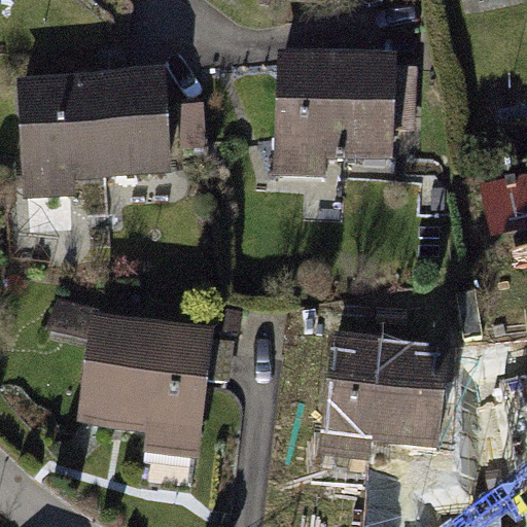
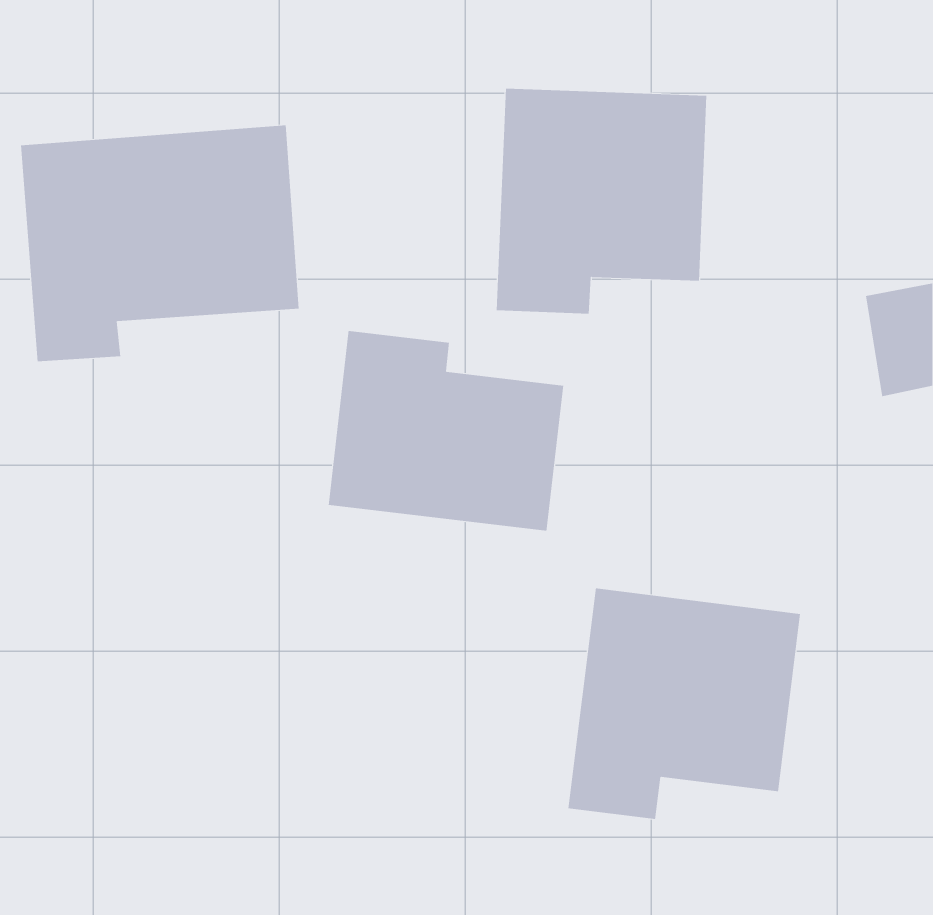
building: none -> [328,330,564,531]
building: [81,318,211,456] -> none

